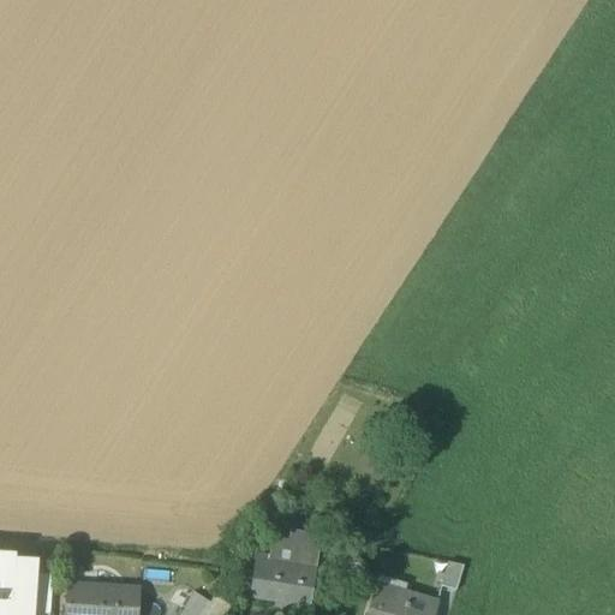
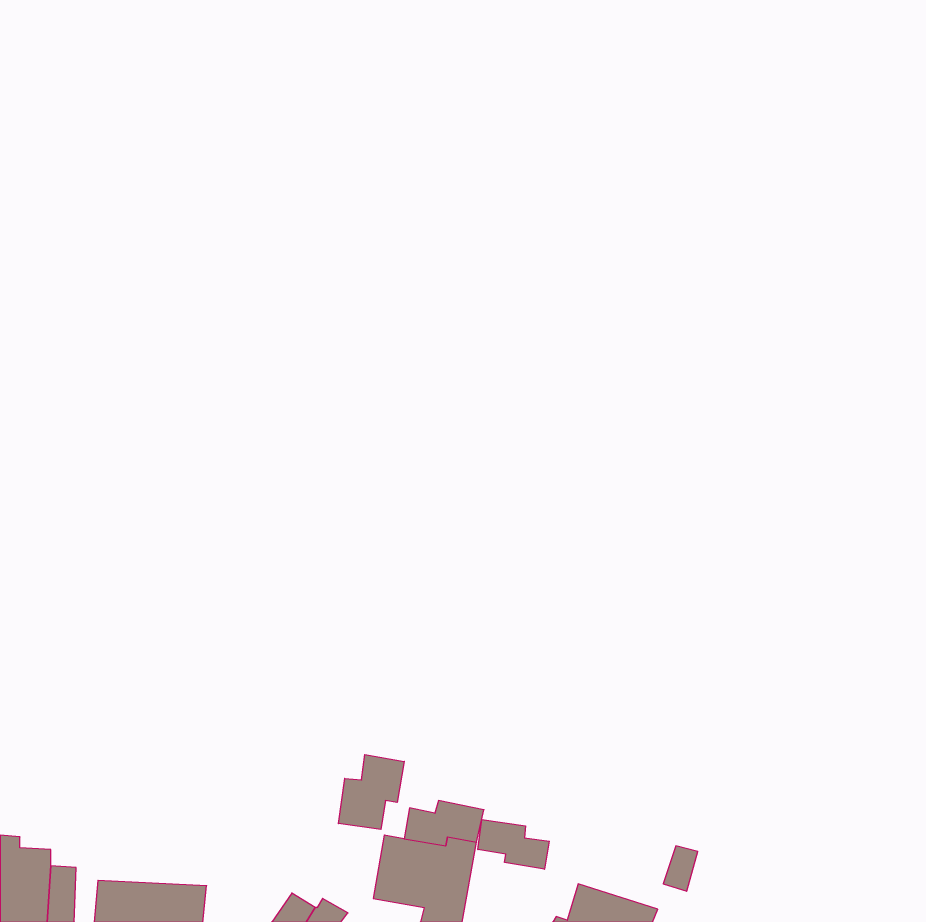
building: none -> [338,755,404,829]
building: none -> [478,819,549,869]

